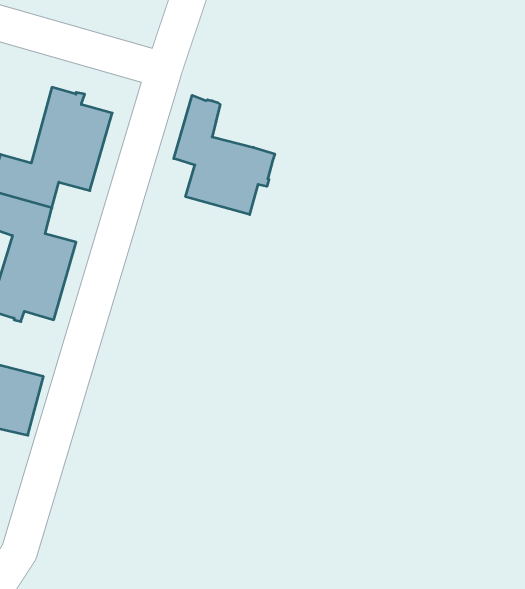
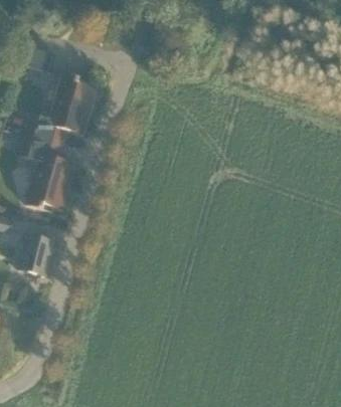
building: [174,95,275,215] -> none

